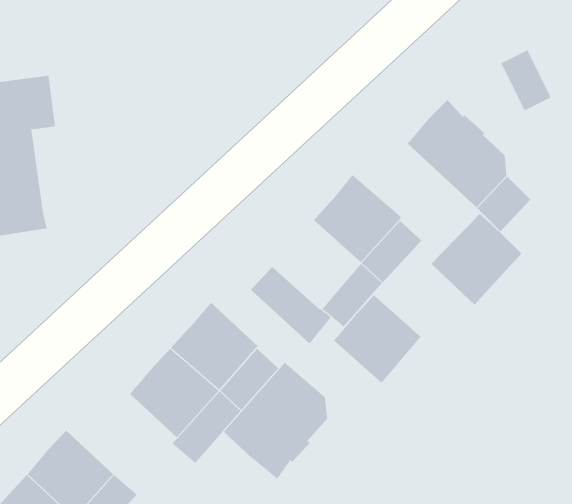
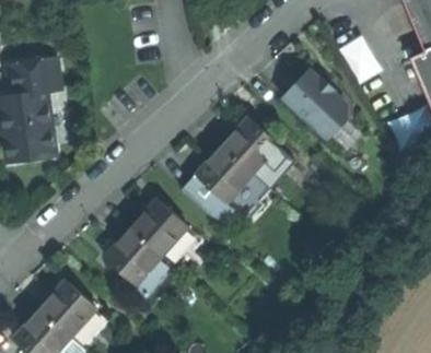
building: [431,213,522,305] -> none
building: [333,294,422,383] -> [196,145,253,202]
building: [223,362,328,480] -> none

